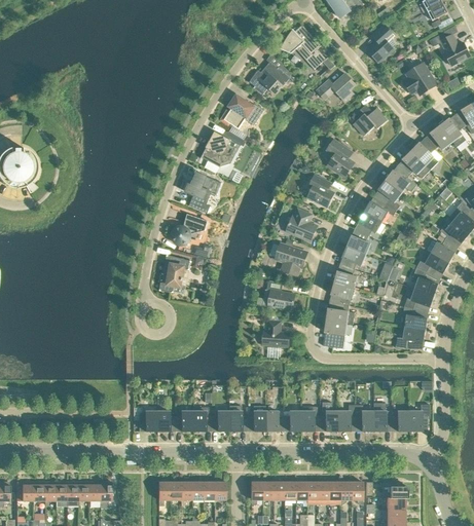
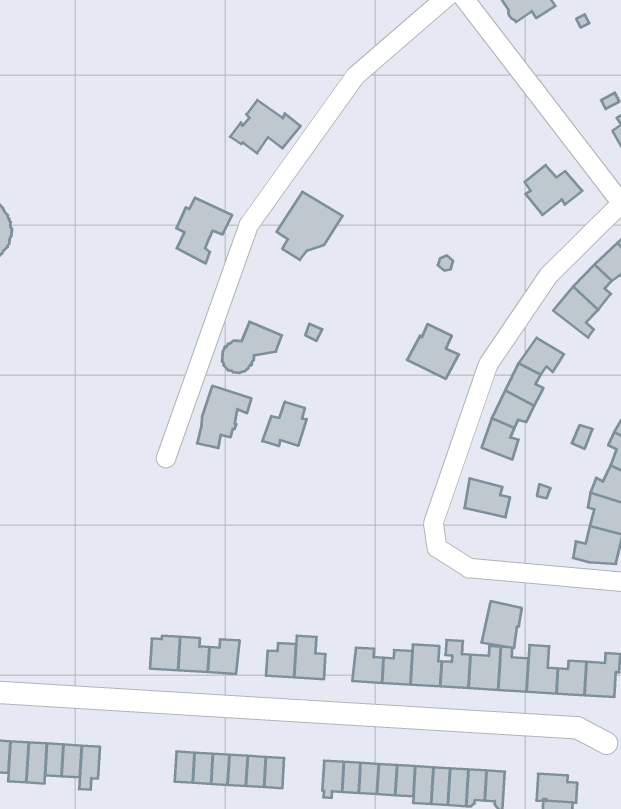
building: [280,24,325,69] -> none
building: [366,24,394,62] -> none
building: [248,61,288,95] -> none
building: [316,73,355,102] -> none
building: [220,96,263,128] -> [230,100,301,153]
building: [327,139,354,176] -> none
building: [187,173,221,213] -> [176,198,232,263]
building: [306,175,333,205] -> none
building: [364,194,396,221] -> none
building: [276,243,306,274] -> none
building: none -> [262,402,307,446]
building: [266,280,294,310] -> none
building: [328,281,354,305] -> none
building: [259,320,289,348] -> none
building: [322,320,345,347] -> [481,601,522,648]
building: [246,405,264,430] -> none
building: [191,406,210,430] -> none

